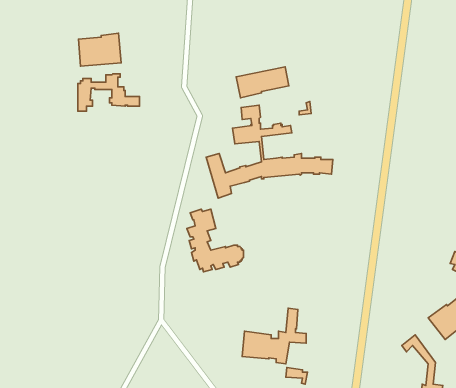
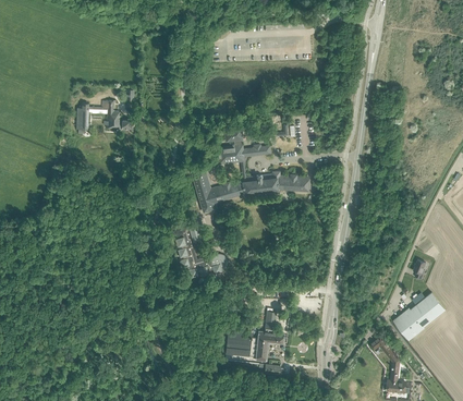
building: [79,33,121,66] -> none
building: [236,67,289,98] -> none

